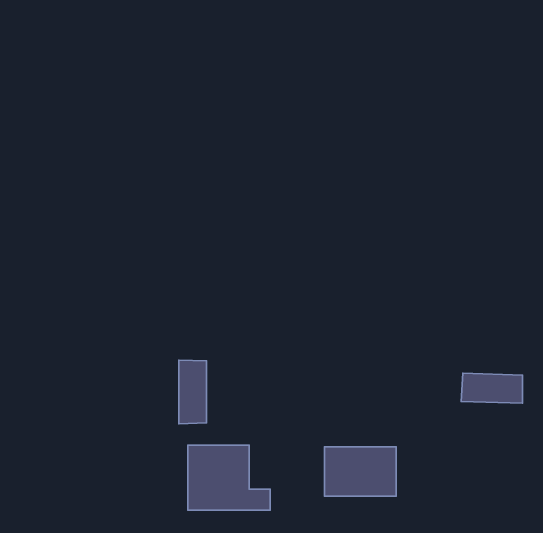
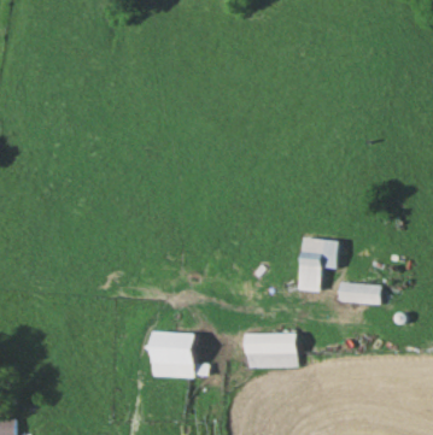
building: none -> [300,239,340,278]
building: [179,360,206,424] -> none

